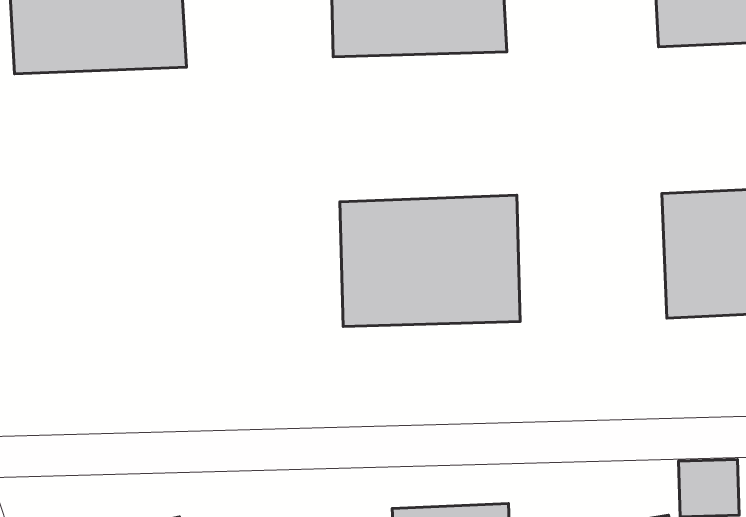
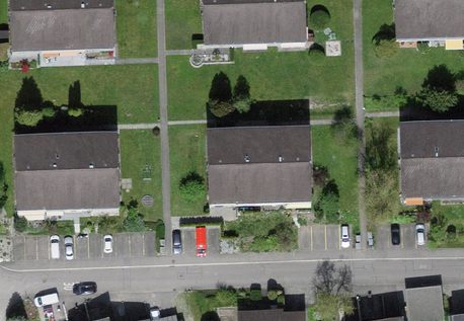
building: none -> [13,132,119,214]

